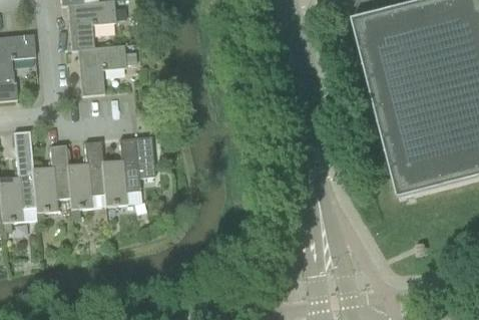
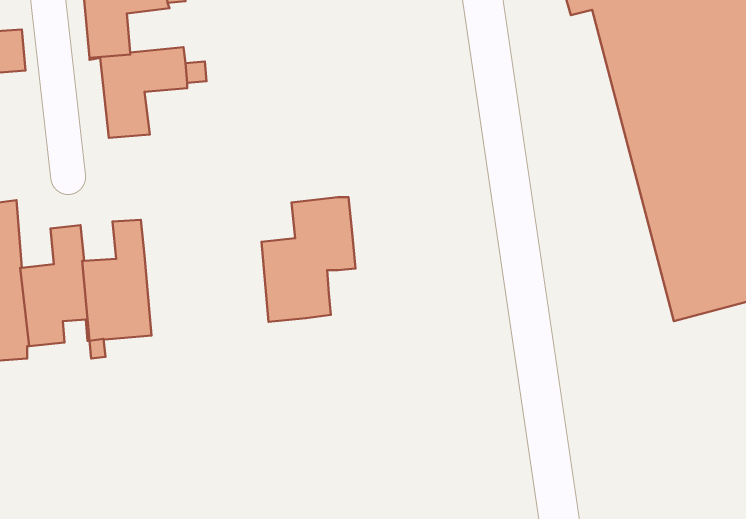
building: [102,136,155,207] -> [261,197,356,322]

